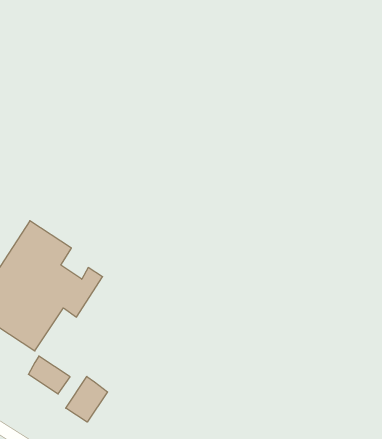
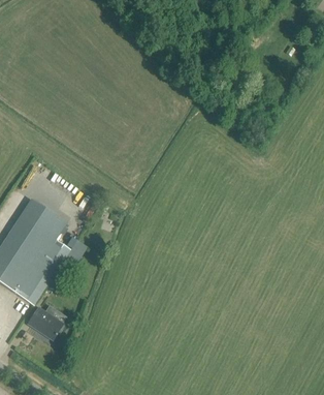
building: [66,376,108,422] -> none

